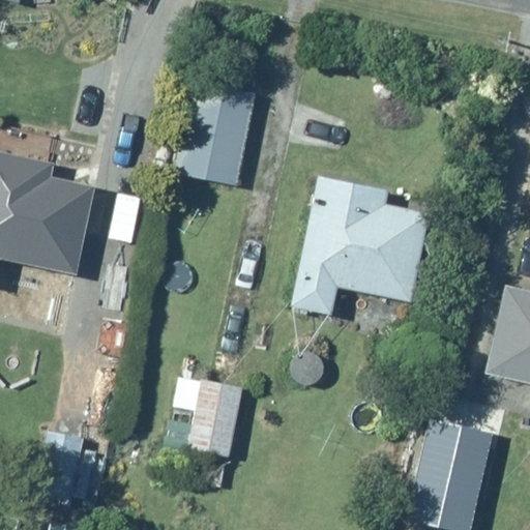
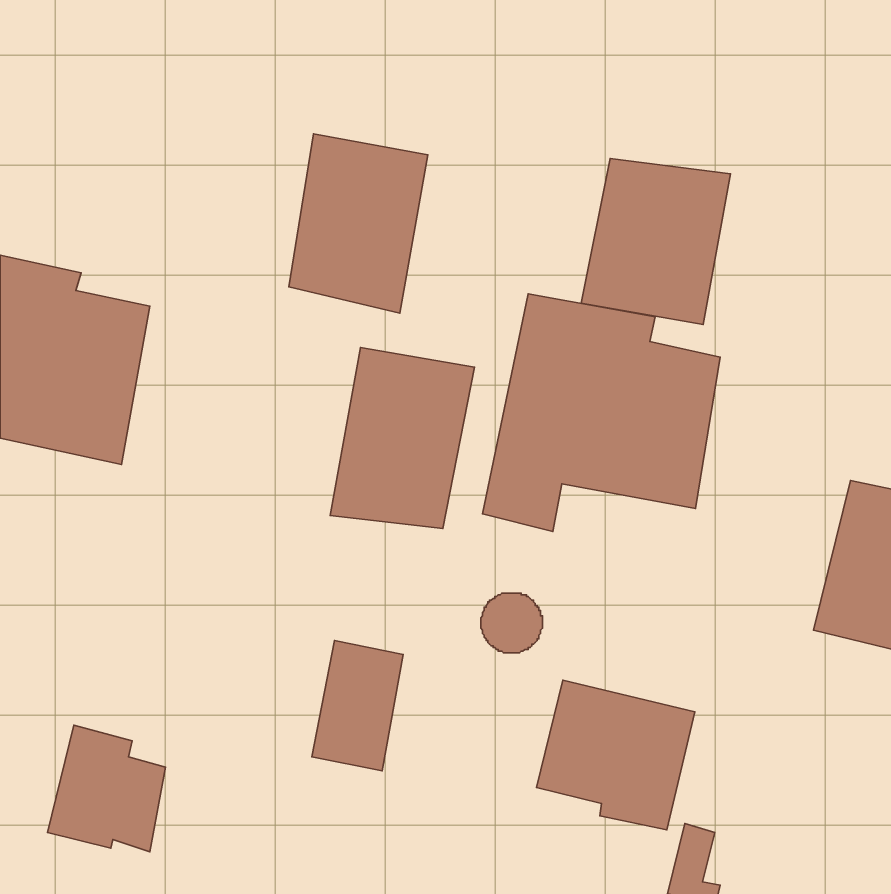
building: none -> [581,159,730,324]
building: none -> [330,348,474,529]
building: [415,419,508,507] -> [536,680,695,830]

